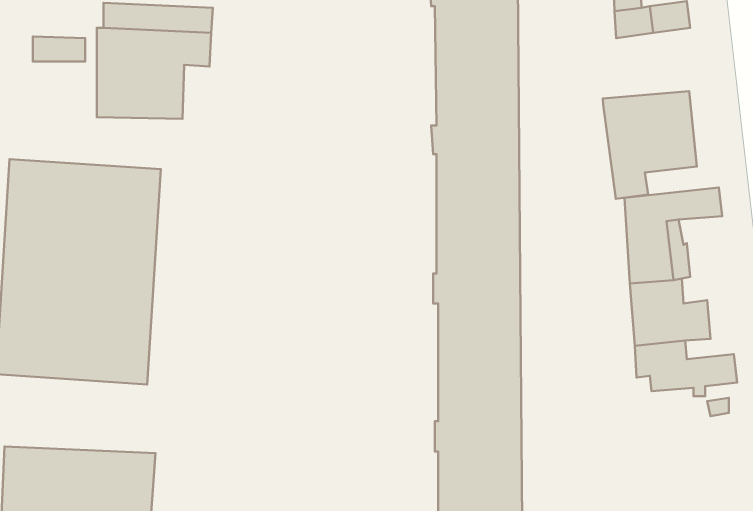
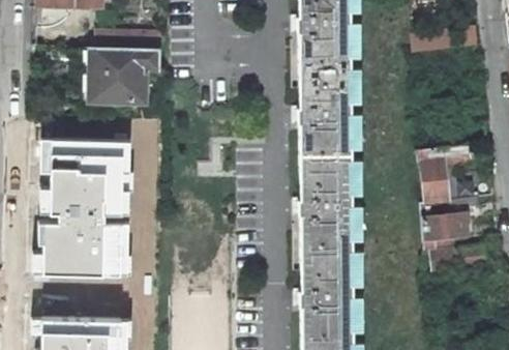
building: [603,91,697,199] -> none

